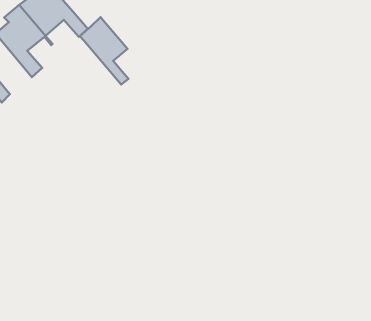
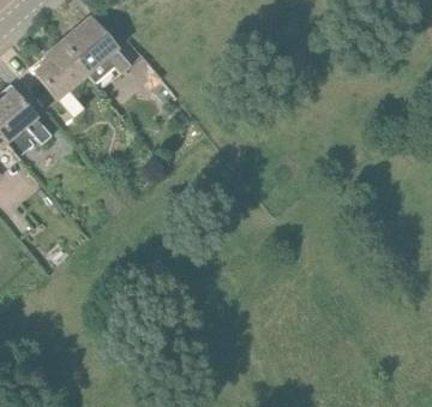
building: [80,17,128,85] -> none

